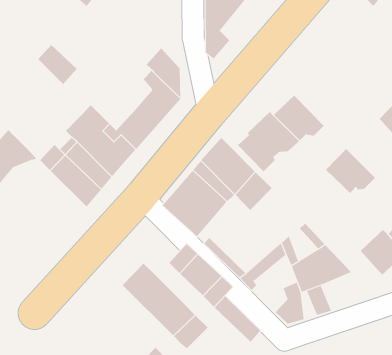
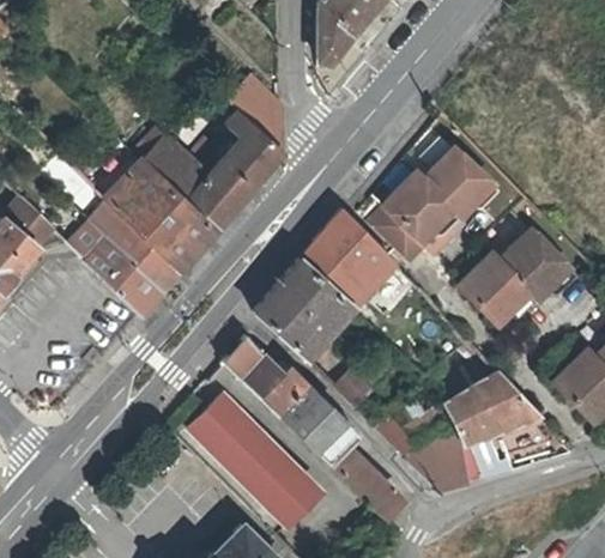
building: [37,44,77,85] -> [149,138,208,199]
building: none -> [461,251,534,319]
building: none -> [229,336,286,398]

